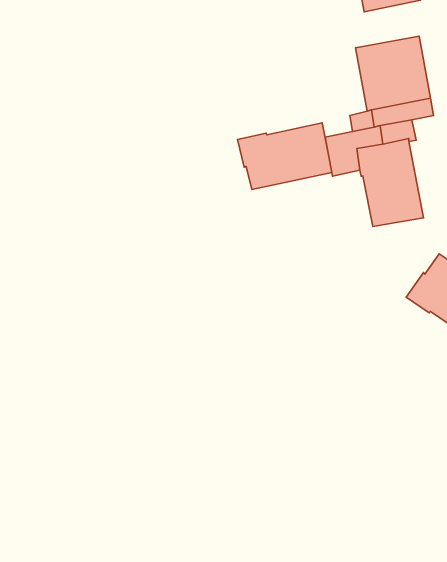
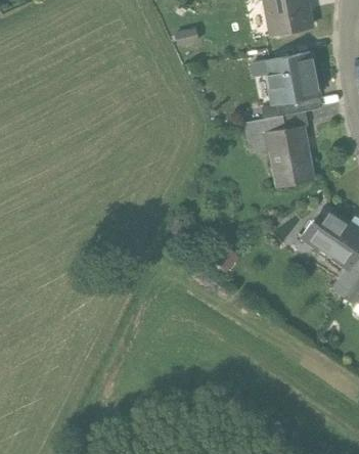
building: [237,123,332,189] -> none

